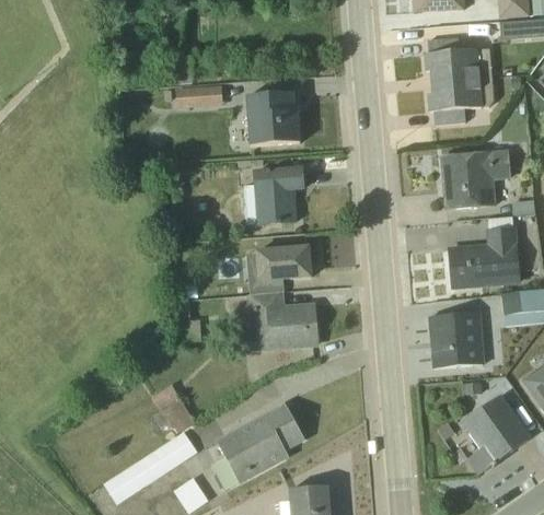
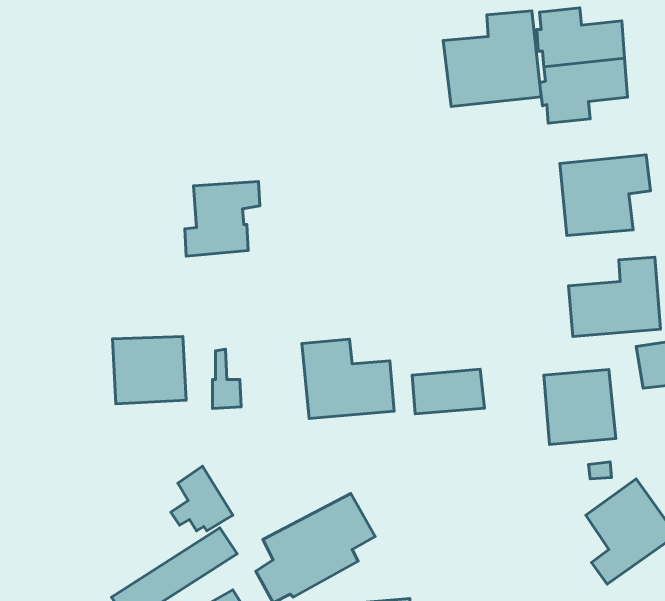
building: none -> [443,11,541,106]
building: [177,81,223,105] -> none
building: [245,91,300,145] -> none
building: [246,167,303,224] -> [185,181,260,256]
building: [256,245,311,279] -> [412,369,484,414]
building: none -> [112,336,186,404]

